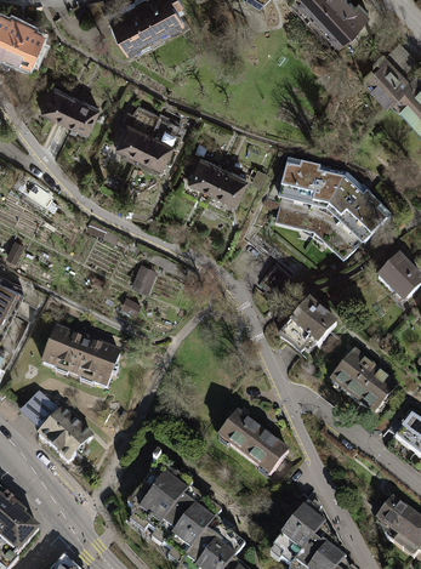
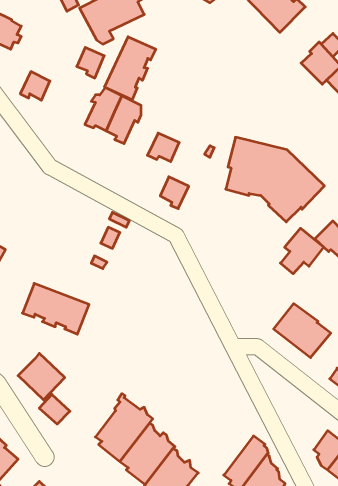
building: none -> [105,37,156,100]
building: [66,97,97,132] -> [77,47,104,78]
building: [214,167,246,204] -> [160,177,189,209]
building: [286,302,336,354] -> [280,228,324,274]
building: [23,396,58,429] -> [39,394,70,424]
building: [221,412,288,473] -> none

